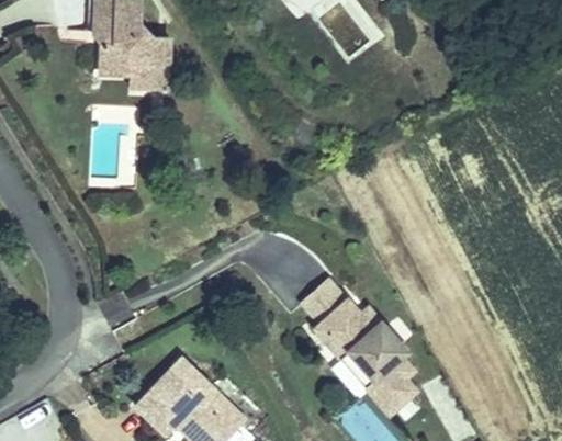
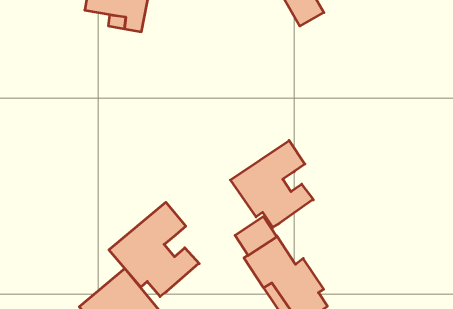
building: none -> [230,140,313,227]
building: none -> [109,202,199,297]

